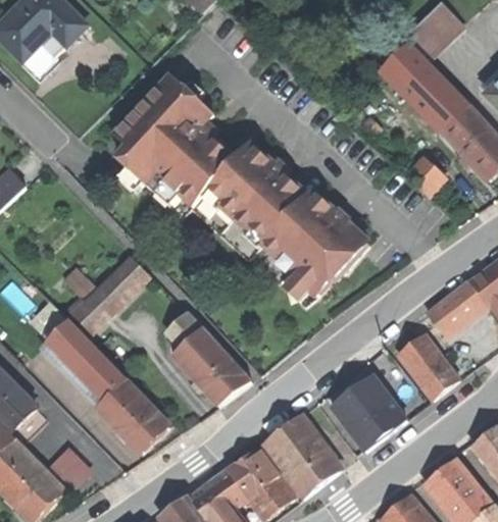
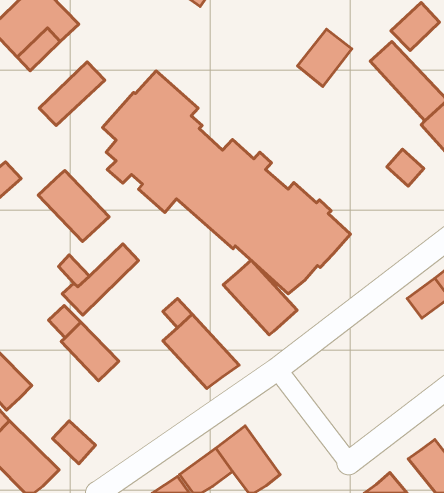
building: none -> [297,29,352,87]
building: none -> [39,62,105,125]
building: none -> [38,171,109,242]
building: none -> [223,260,297,335]
building: [399,333,459,399] -> none
building: [332,376,404,450] -> none
building: [97,379,172,452] -> none
building: [261,414,341,498] -> none

